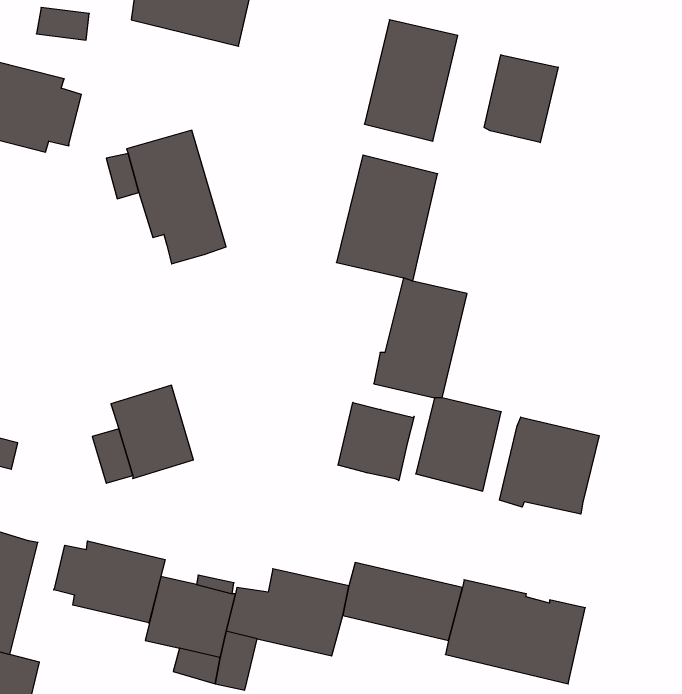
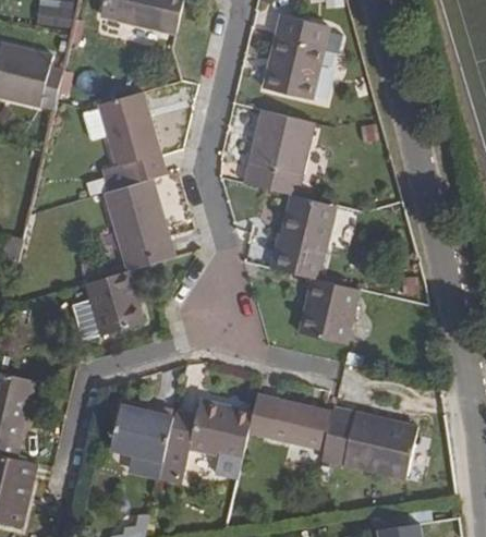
building: [484,55,558,143] -> none
building: none -> [105,179,173,270]
building: [338,402,414,481] -> none
building: [499,417,599,514] -> none
building: [54,541,165,623] -> none

